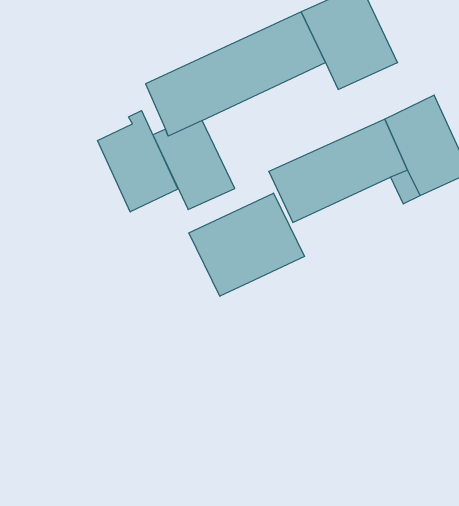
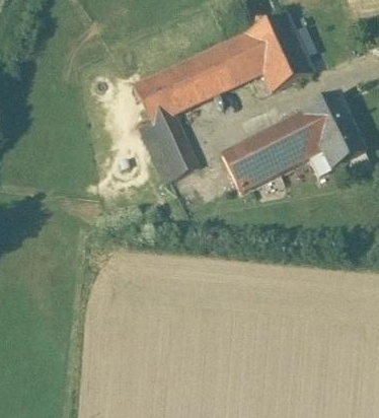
building: [98,111,178,212] -> none
building: [189,193,305,296] -> none

